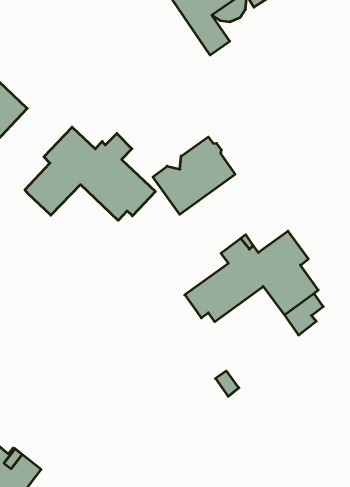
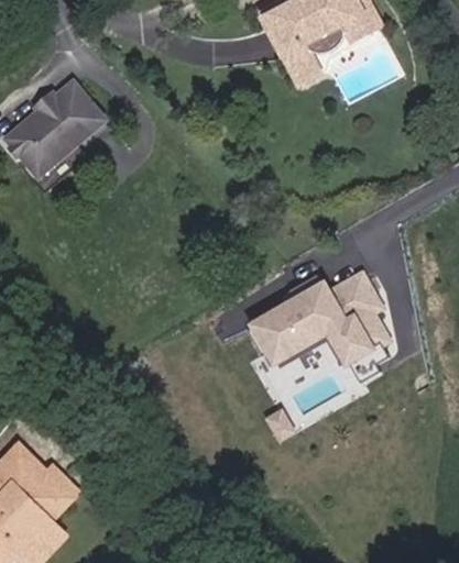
building: [25,127,155,220] -> none
building: [153,137,235,214] -> none

